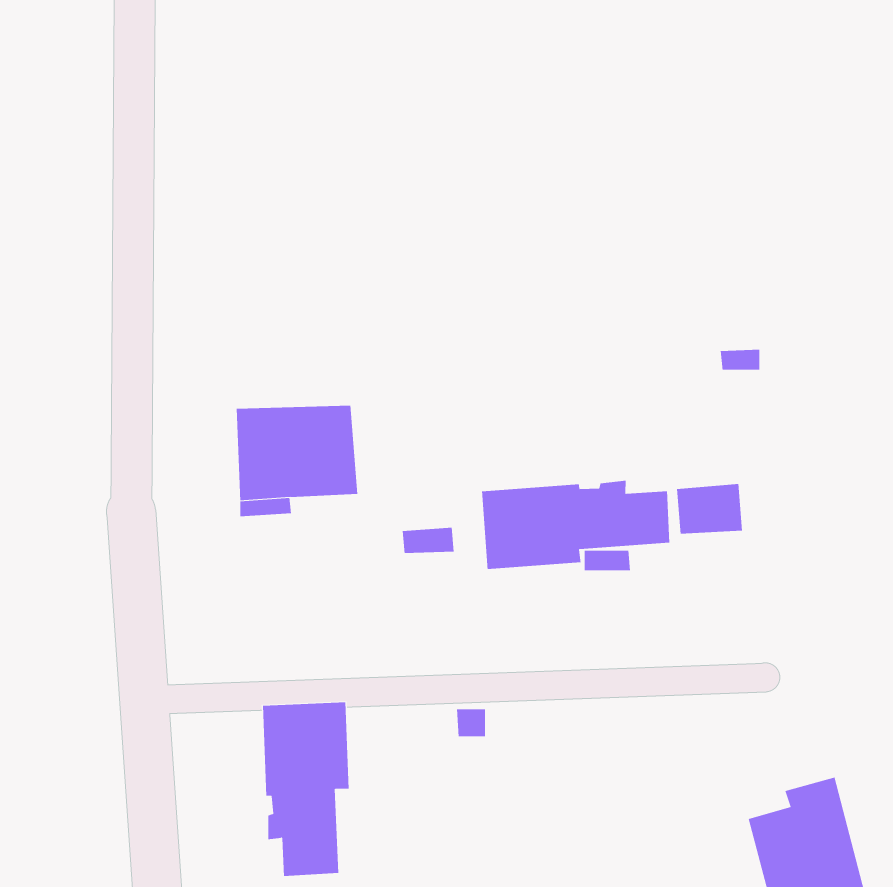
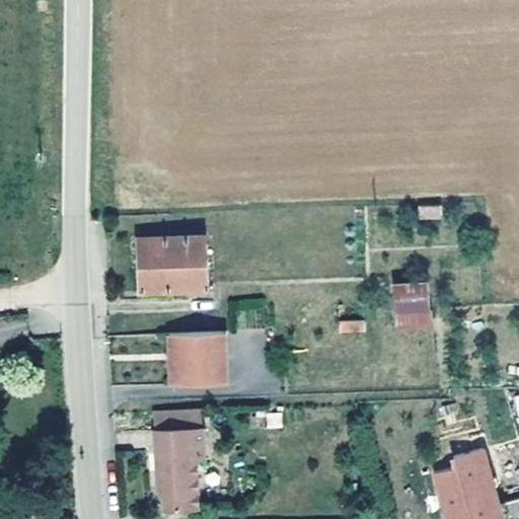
building: [481,480,670,570] -> none
building: none -> [167,325,226,380]

